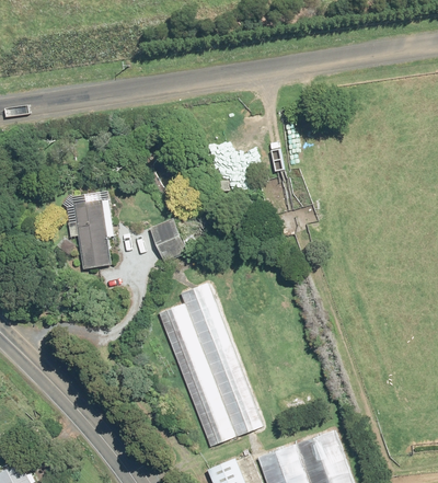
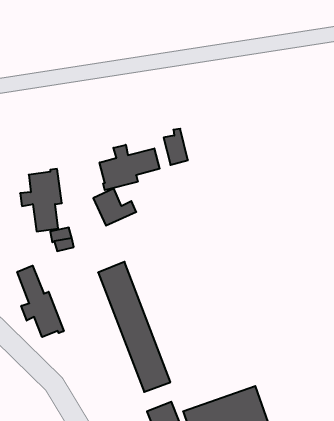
building: none -> [100,145,160,190]
building: [181,281,263,436] -> none
building: none -> [17,266,64,337]

